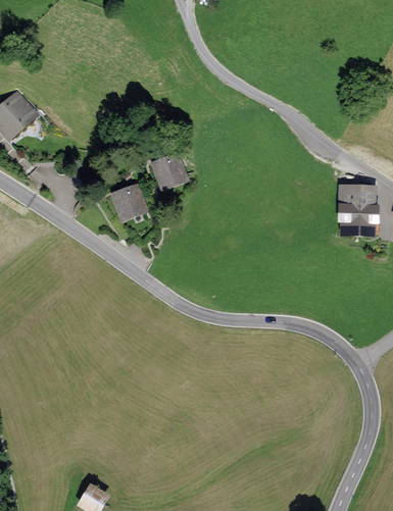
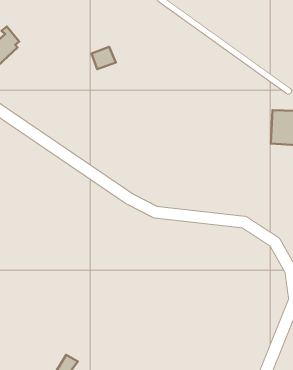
building: [152,155,182,183] -> [91,47,116,69]
building: [112,186,141,213] -> none

